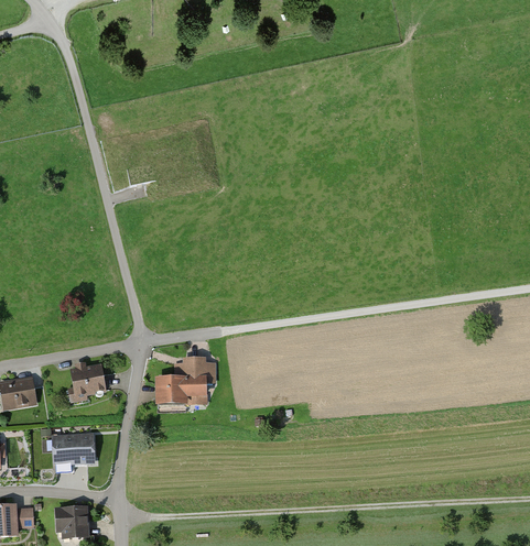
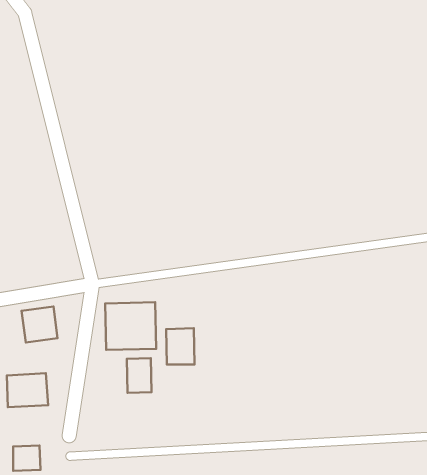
building: none -> [166,328,194,365]
building: none -> [127,358,152,393]

